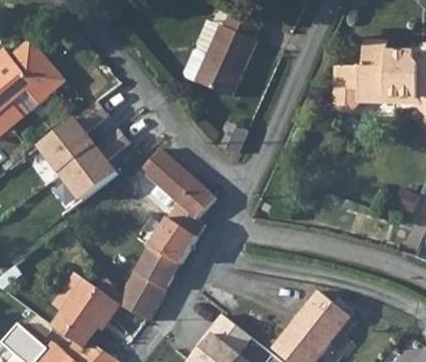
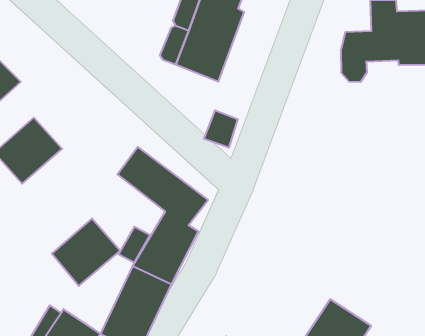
building: [59,145,117,202] -> [52,218,120,286]

